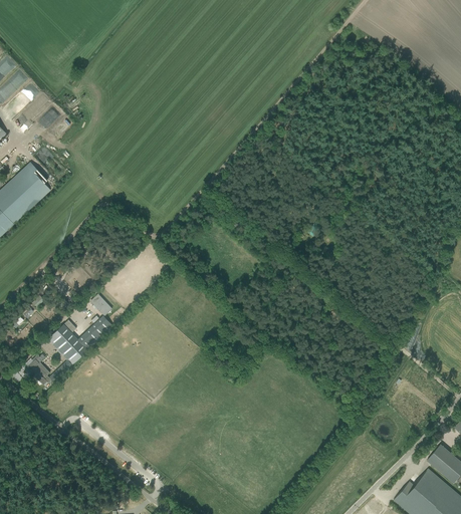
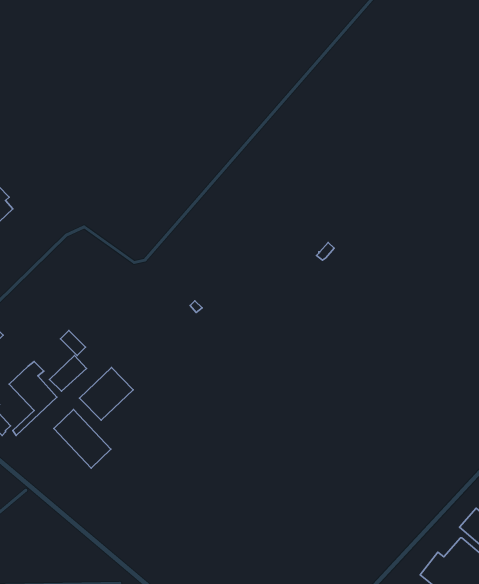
building: none -> [80,368,133,420]
building: none -> [54,409,111,468]

